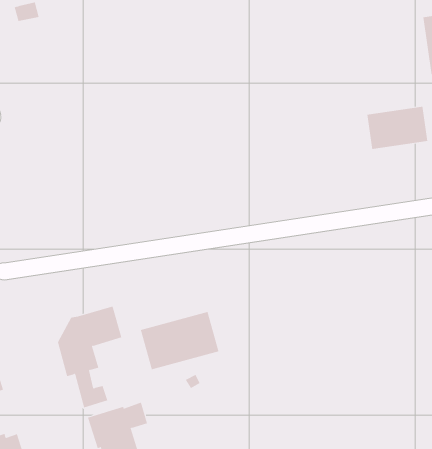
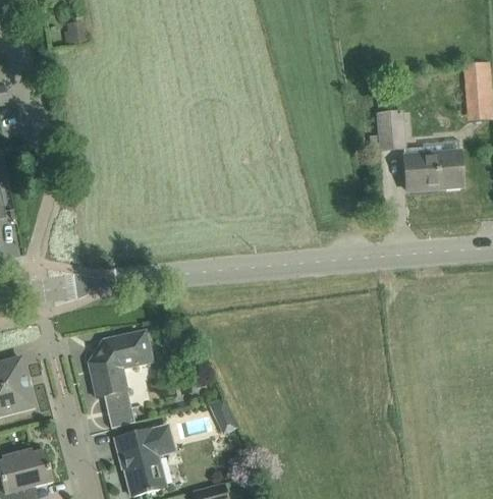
building: none -> [378,110,403,149]
building: [140,311,219,370] -> none

